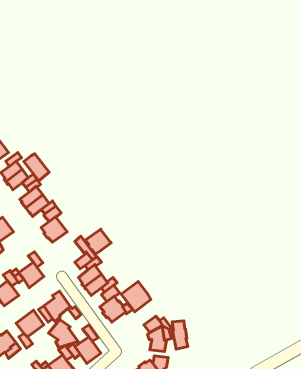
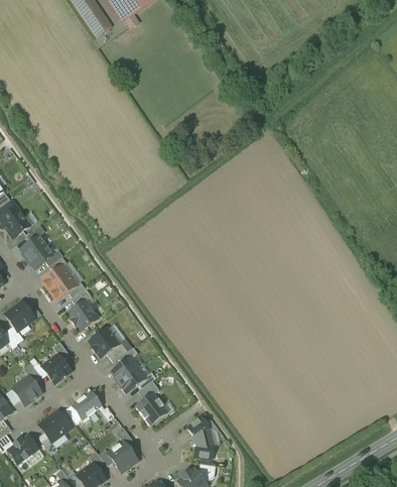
building: [24,154,49,181] -> none
building: [85,229,111,254] -> [89,329,119,358]
building: [121,281,151,312] -> none
building: [48,320,78,347] -> none
building: [172,321,188,349] -> none

